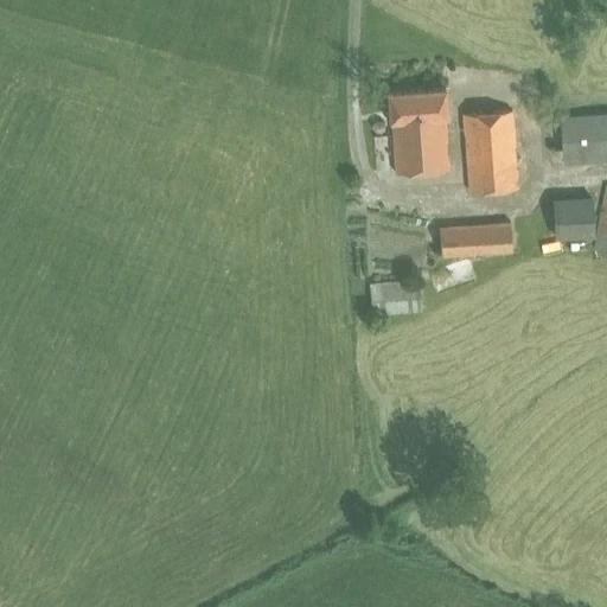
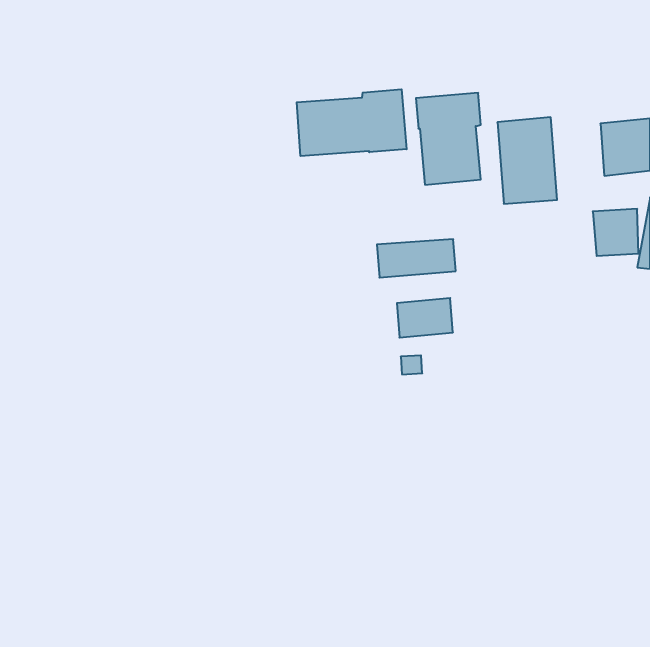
building: none -> [297,89,407,156]
building: [440,224,513,260] -> [377,239,456,278]

